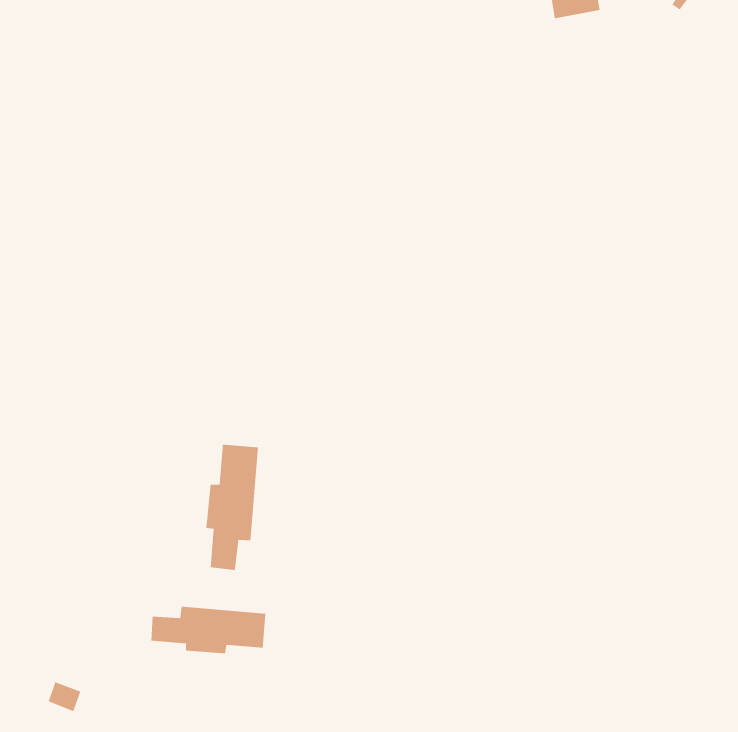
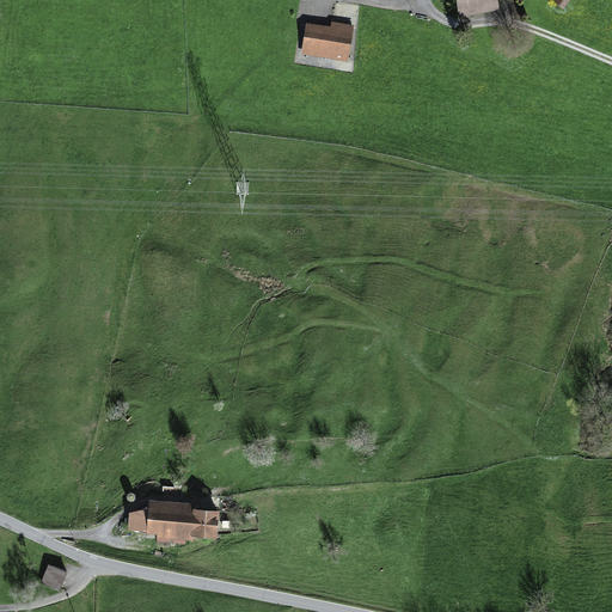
building: none -> [302,20,354,61]
building: [206,444,258,571] -> none

